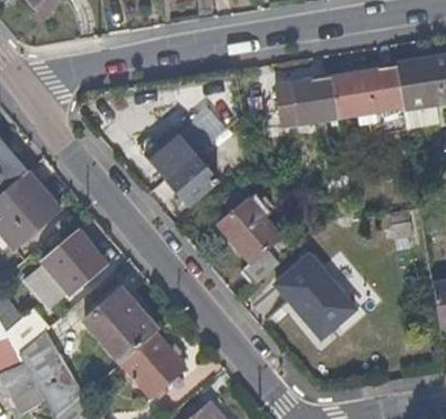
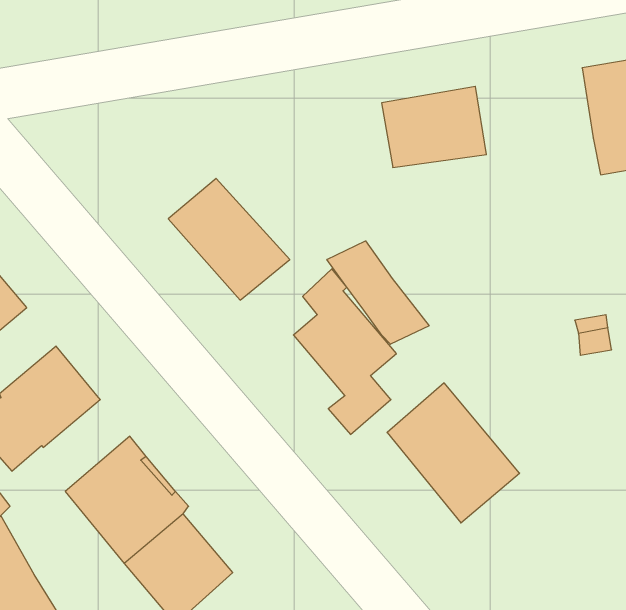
building: [330,64,401,132] -> none
building: none -> [327,241,429,344]

